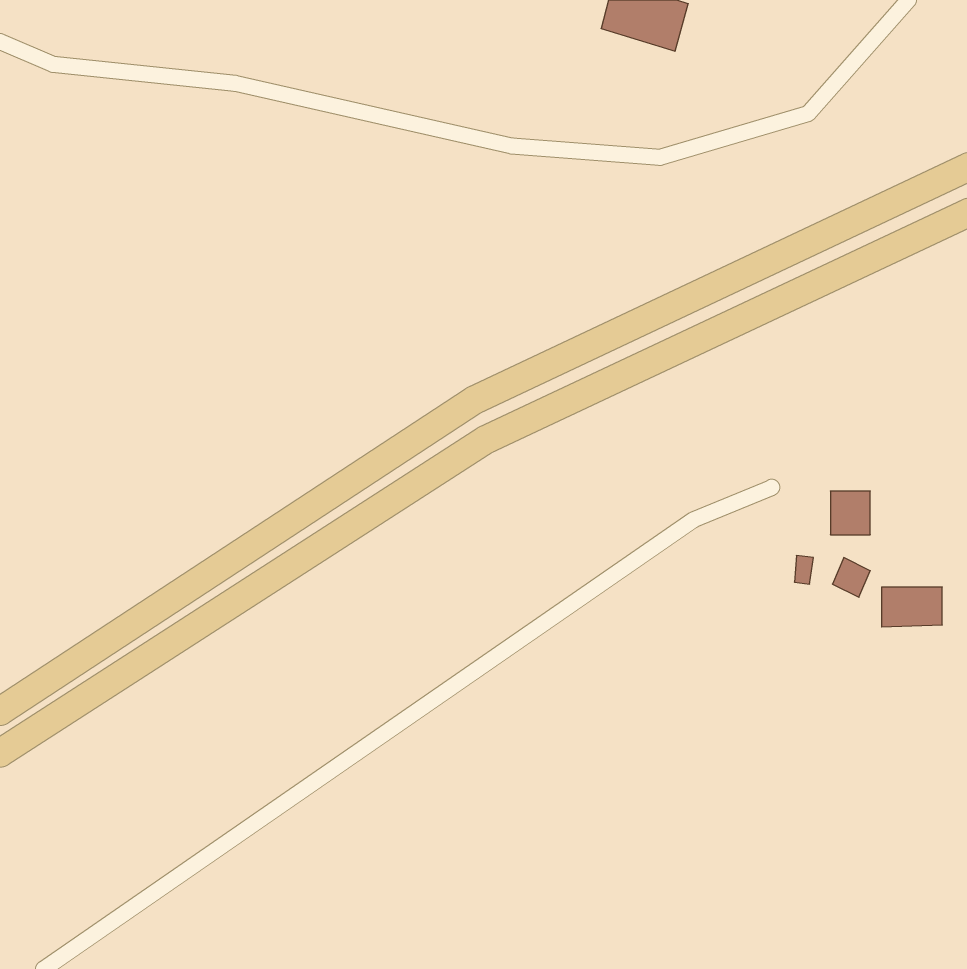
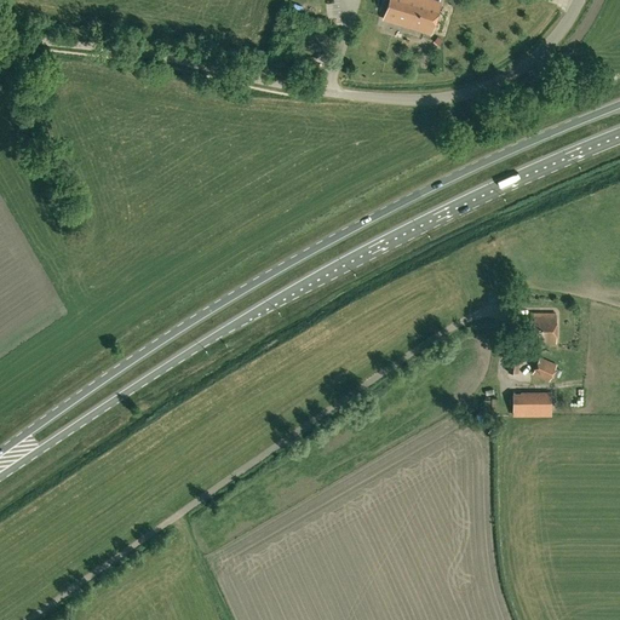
building: [882,587,942,627] -> [513,391,552,417]

